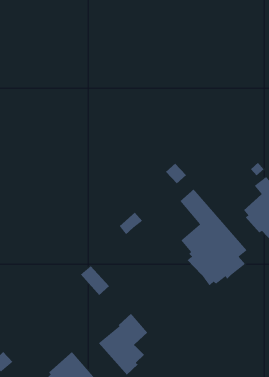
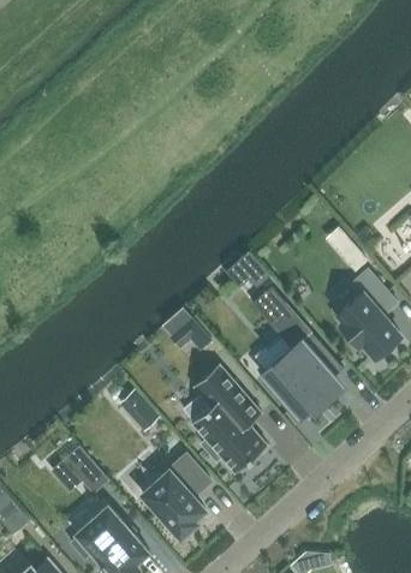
building: none -> [192,365,267,474]
building: none -> [65,448,108,494]

